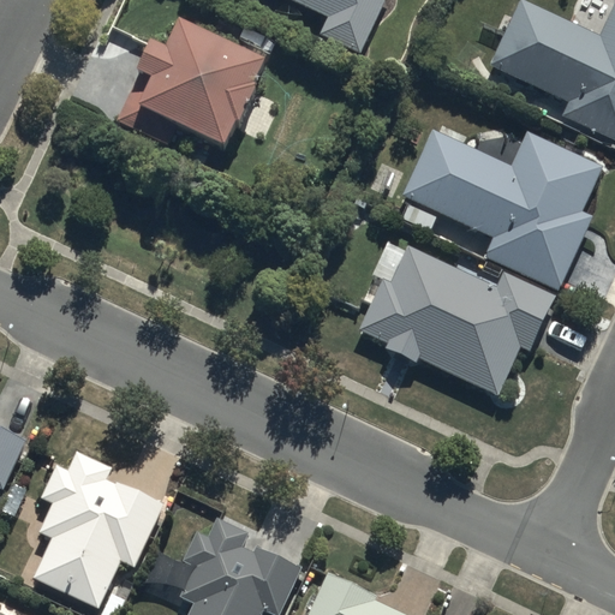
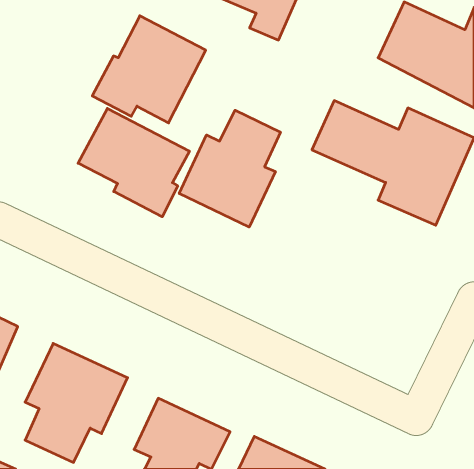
building: none -> [78,108,189,217]
building: none -> [179,110,280,227]
building: [359,239,556,398] -> none

